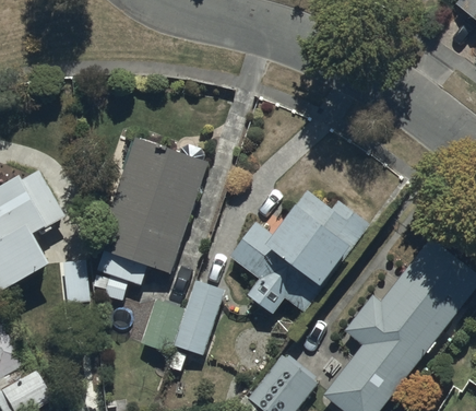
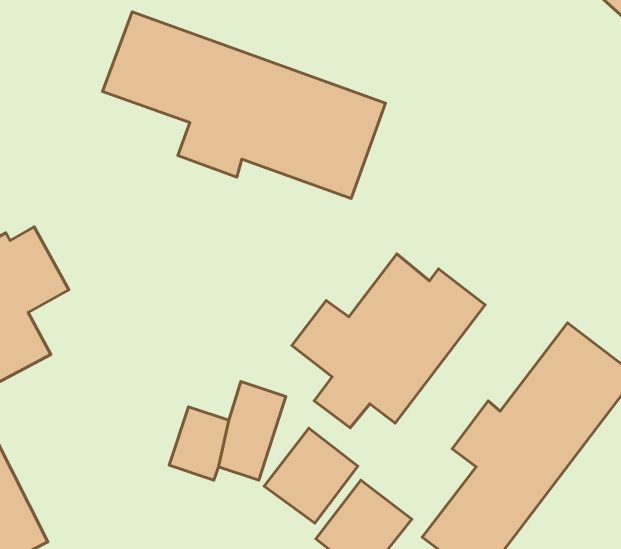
building: none -> [103,12,385,198]
building: [94,134,210,303] -> none
building: none -> [264,428,358,523]

